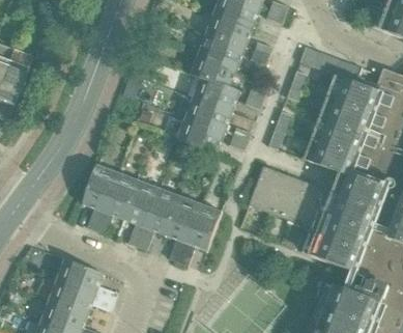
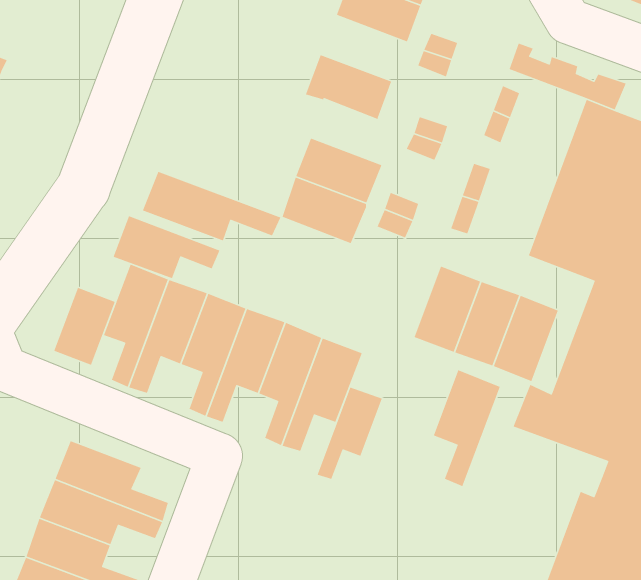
building: [196,30,242,65] -> none
building: [191,75,237,110] -> none
building: none -> [142,171,281,241]
building: none -> [113,215,221,279]
building: none -> [53,287,116,366]
building: none -> [433,369,501,487]
building: none -> [317,387,383,480]

